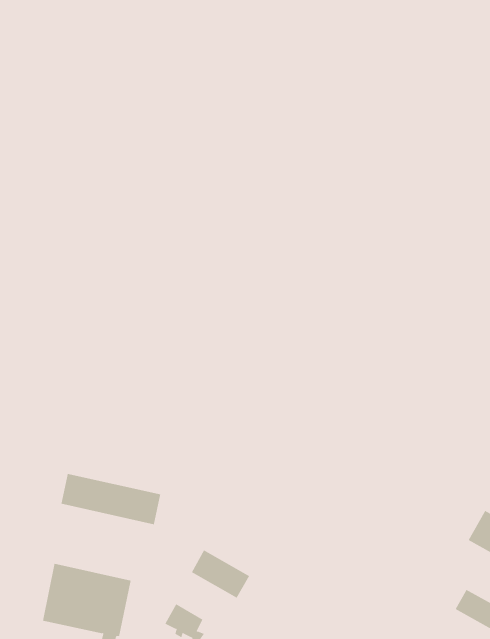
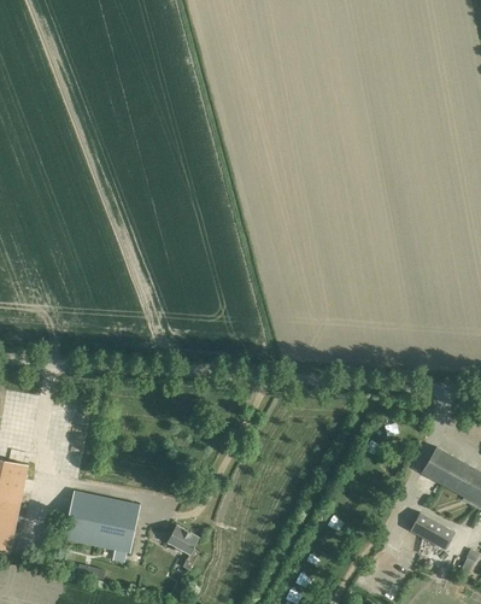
building: [61,473,161,525] -> none
building: [191,550,250,599] -> none

